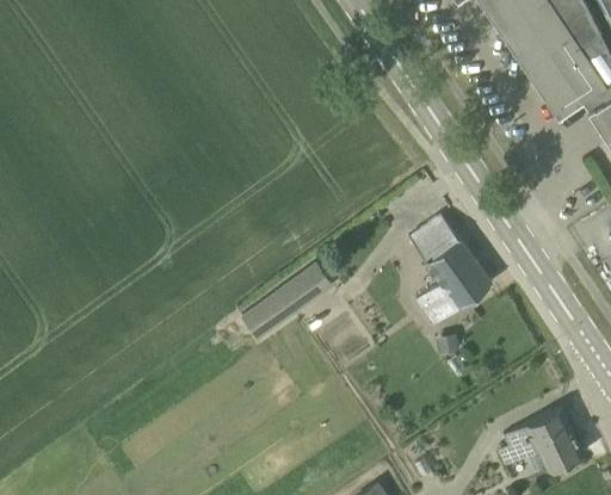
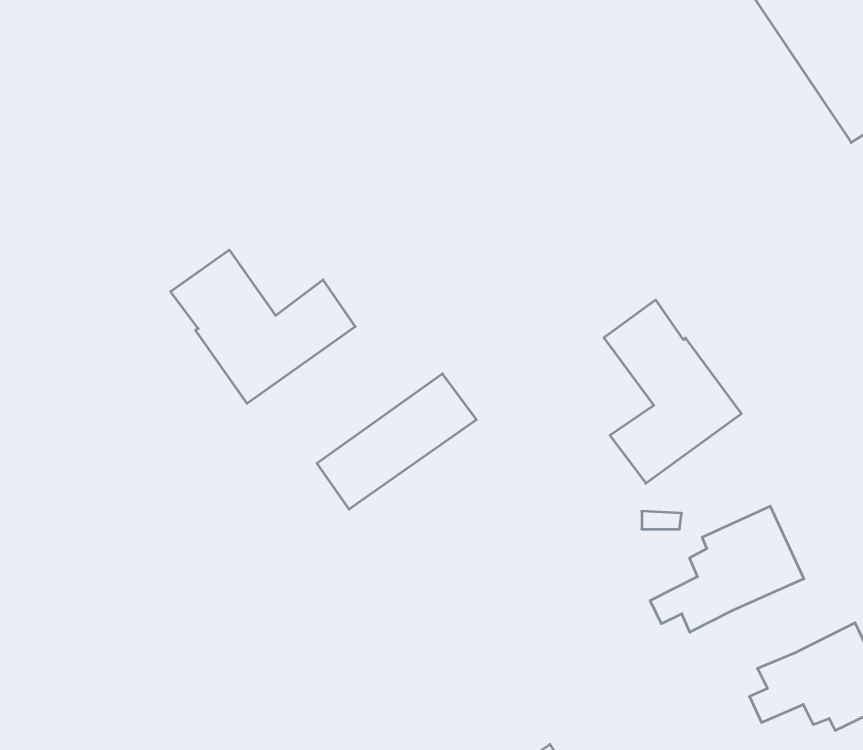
building: none -> [171,250,355,403]
building: none -> [650,506,804,632]

